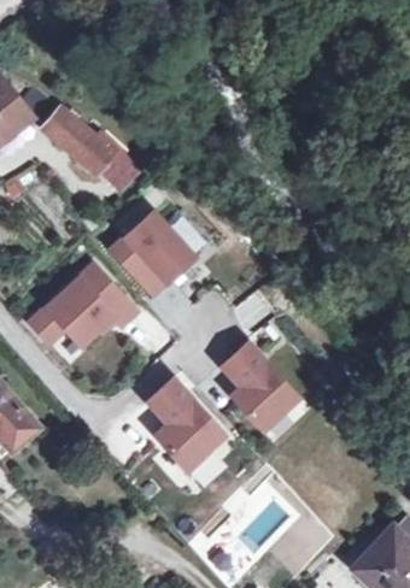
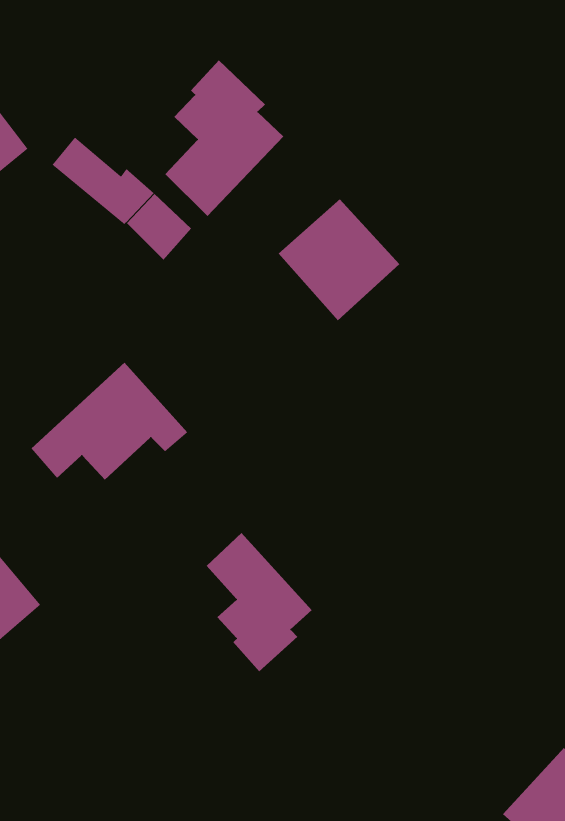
building: none -> [165,59,284,217]
building: [111,210,194,293] -> [278,199,400,321]
building: [223,343,298,429] -> none

